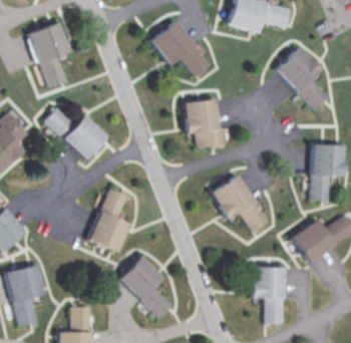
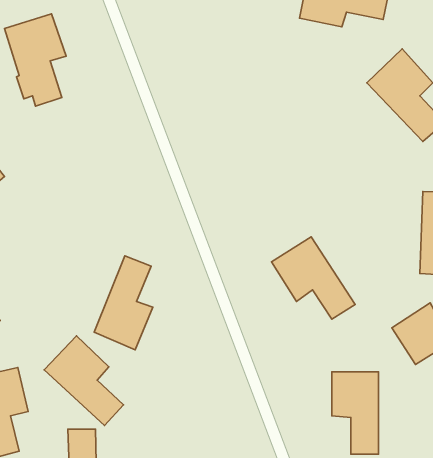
building: [150,20,210,76] -> none
building: [183,98,232,146] -> none
building: [43,107,106,159] -> none
building: [117,256,171,317] -> [44,336,123,426]

